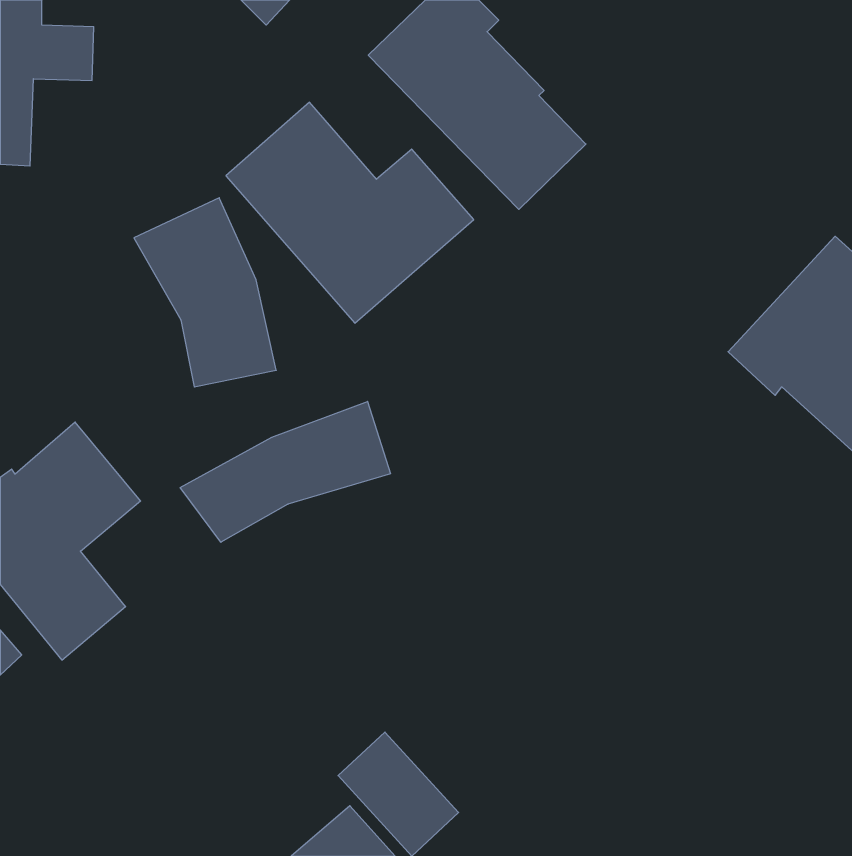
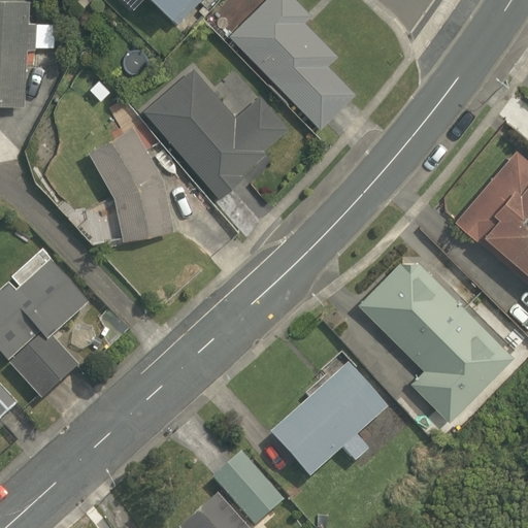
building: none -> [354,246,515,421]
building: [180,401,390,542] -> none
building: none -> [269,366,385,477]

